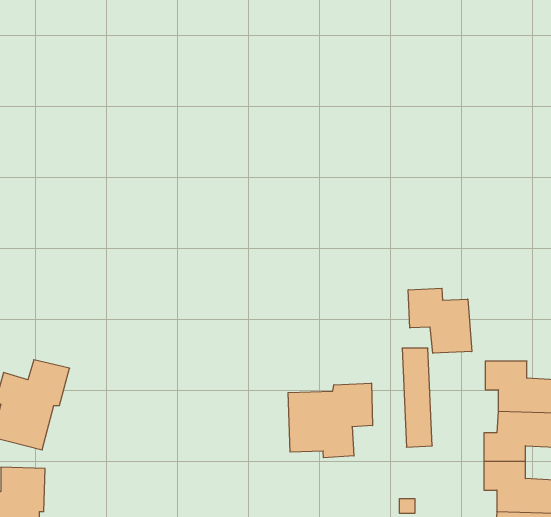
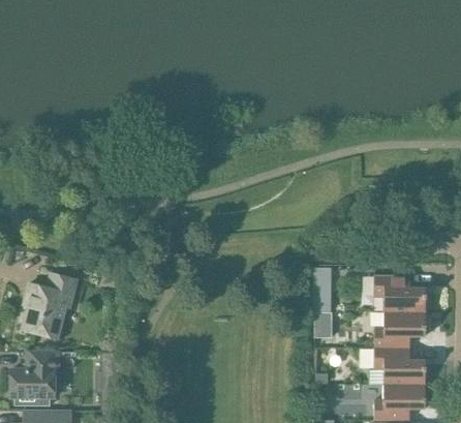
building: [408,288,472,353] -> none
building: [288,383,372,458] -> none

